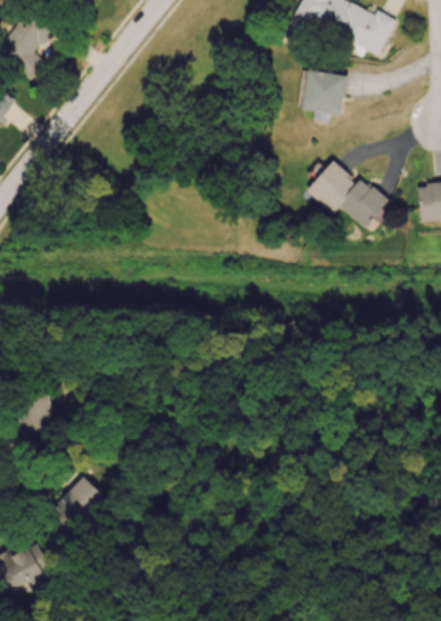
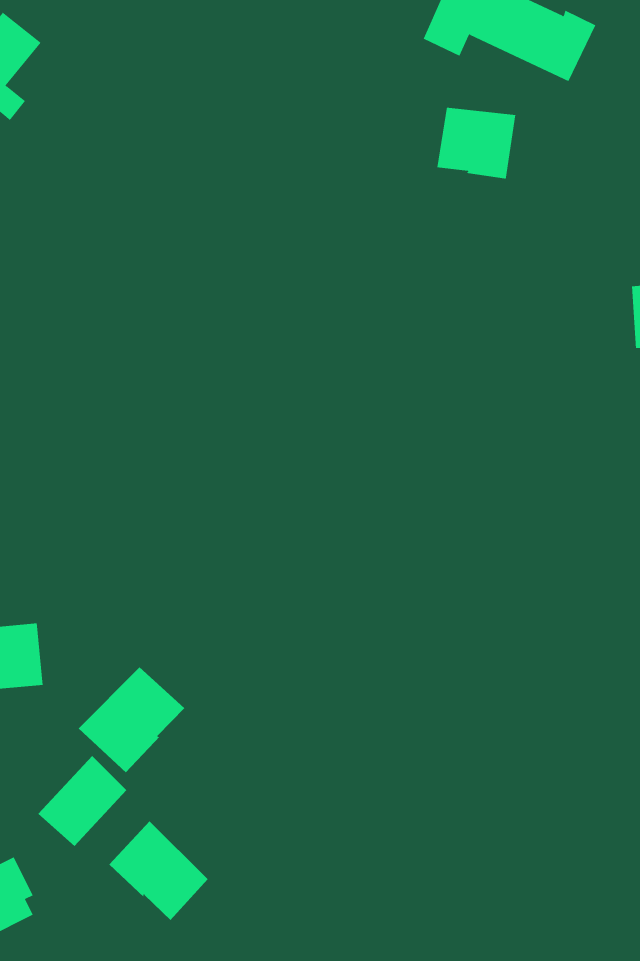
building: [307,160,388,228] -> none
building: none -> [78,667,185,773]
building: none -> [109,821,209,921]

